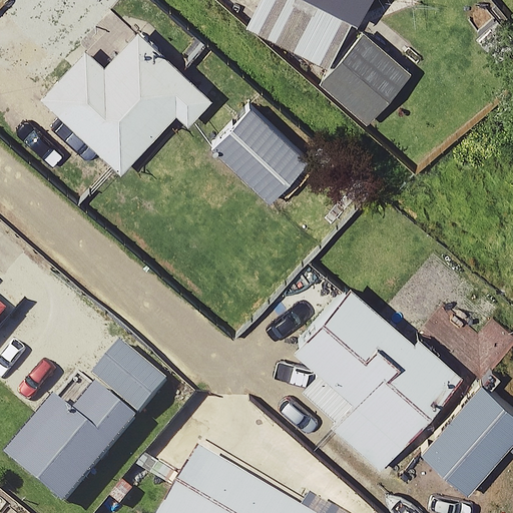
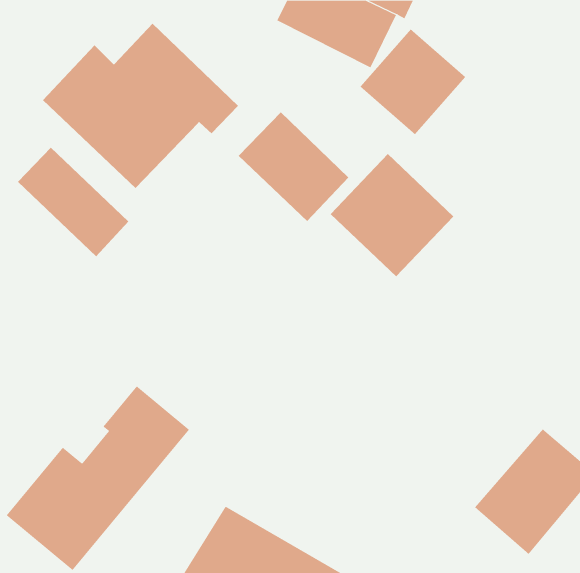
building: none -> [17,147,129,257]
building: none -> [330,153,454,277]
building: [292,286,462,469] -> none

